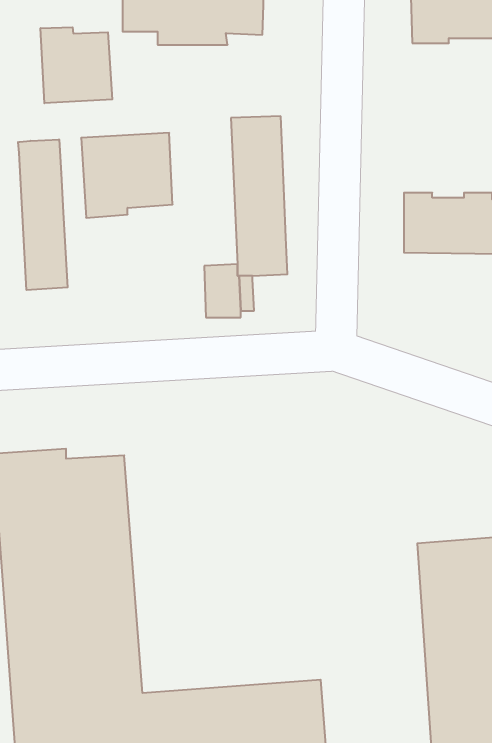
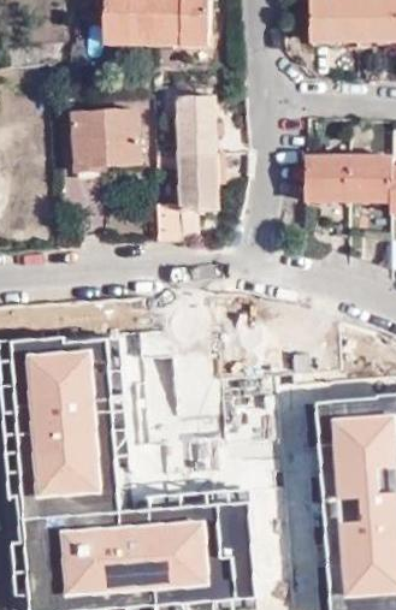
building: [41,27,112,103] -> none
building: [18,139,68,290] -> none

